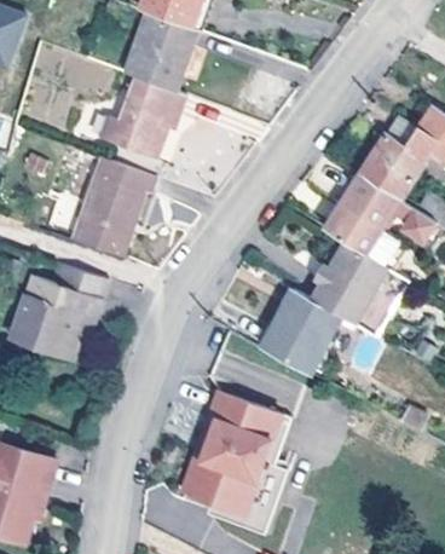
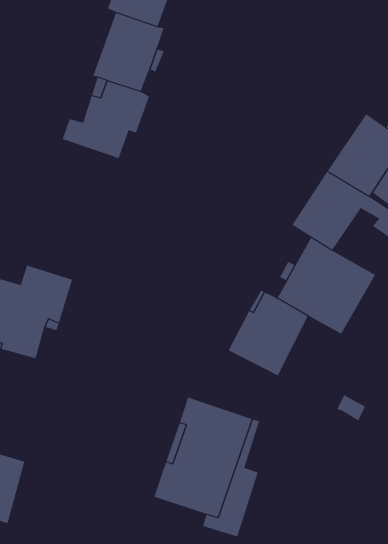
building: [70,157,152,256] -> none

